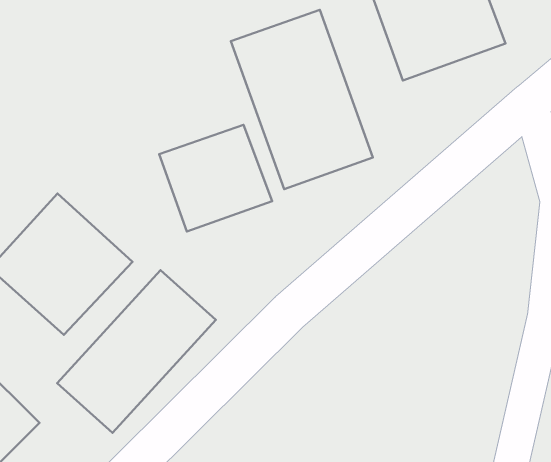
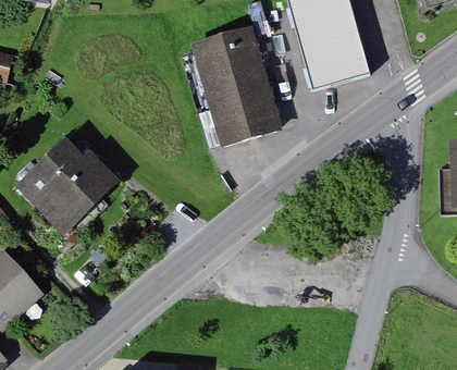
building: [159,125,272,232] -> none
building: [57,270,216,433] -> none

